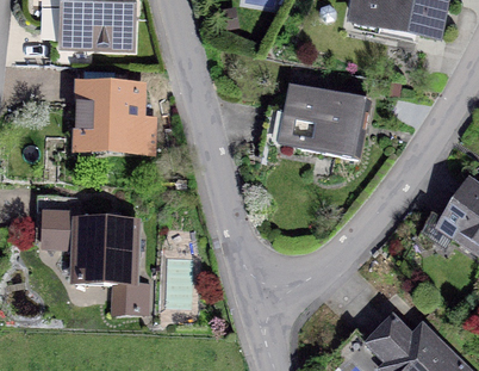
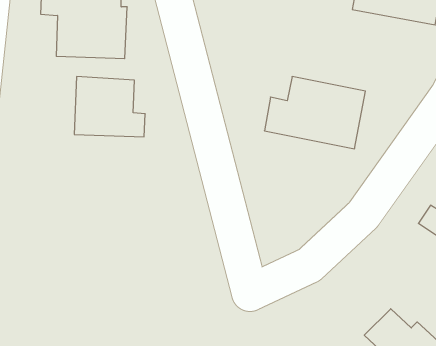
building: [43,192,148,311] -> none

